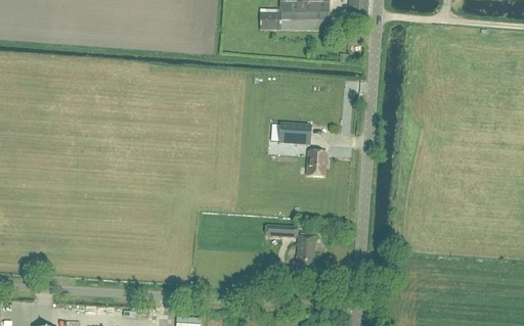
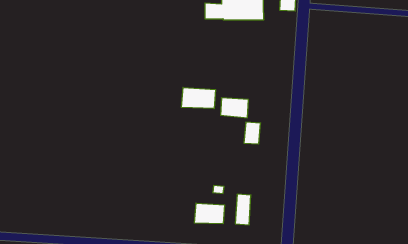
building: none -> [181,87,216,109]
building: none -> [195,203,225,224]

